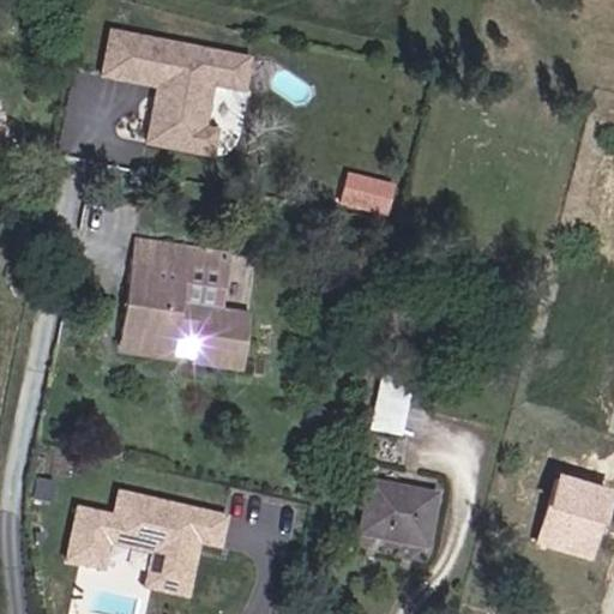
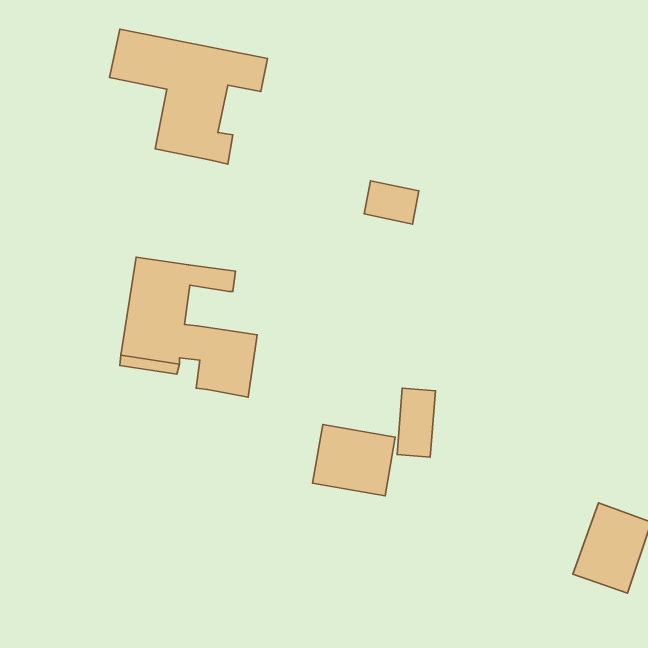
building: [176,269,218,311] -> none
building: [356,480,434,547] -> [313,424,395,496]
building: [70,489,230,595] -> none

